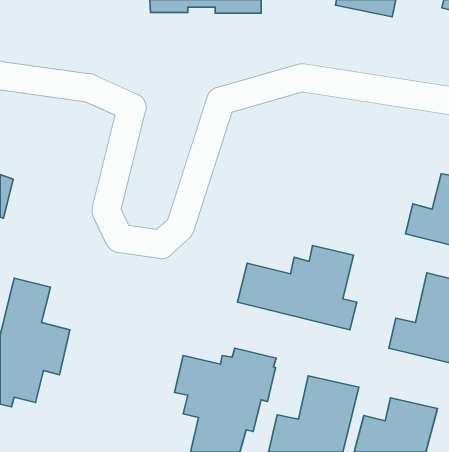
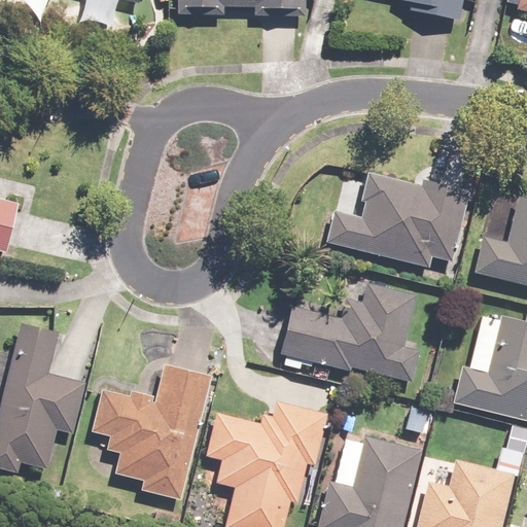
building: none -> [326,171,470,267]
building: none -> [89,365,211,501]

